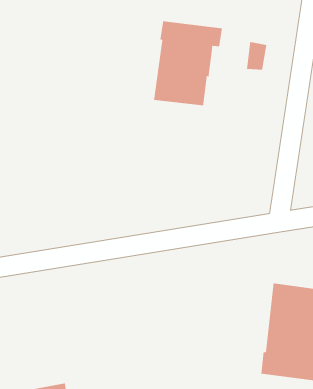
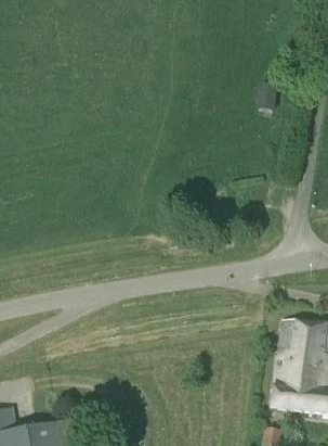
building: [154,21,222,106] -> none

